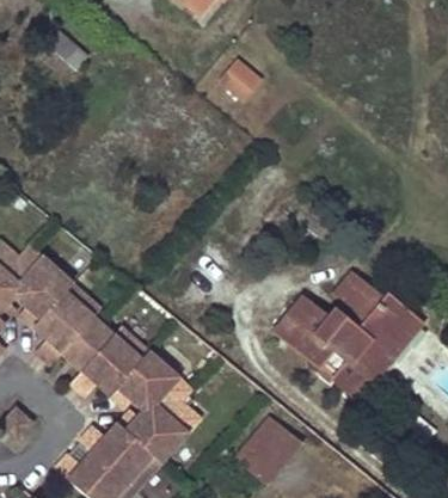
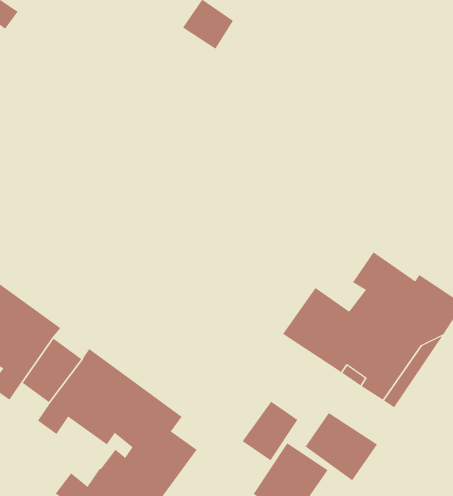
building: none -> [242,401,298,461]
building: none -> [305,412,378,481]

